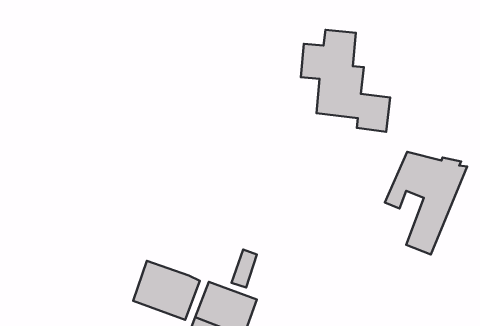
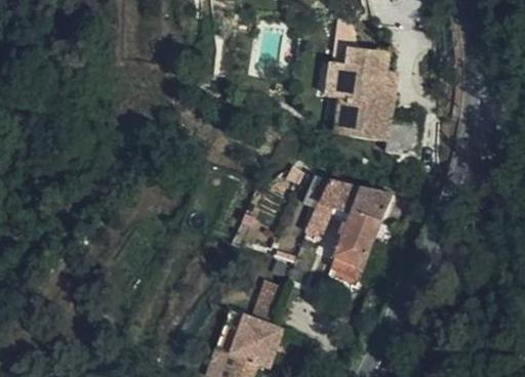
building: [385,152,467,255] -> [305,177,391,285]
building: [133,261,200,320] -> none

